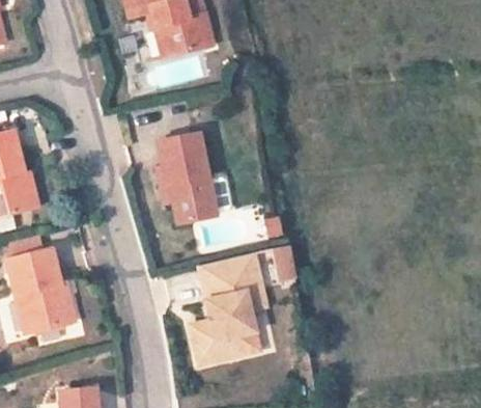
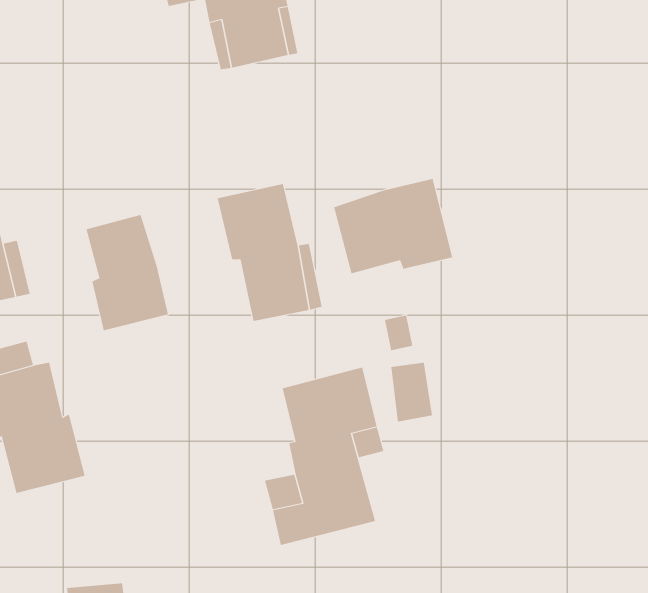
building: none -> [333,178,453,274]
building: none -> [86,214,169,331]

